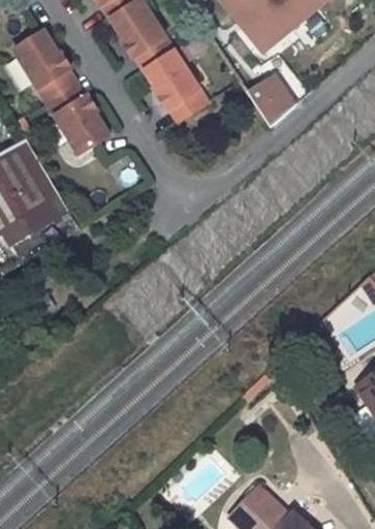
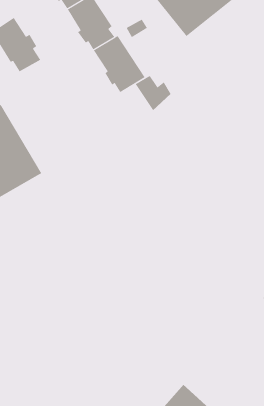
building: [247,80,293,125] -> [135,75,172,111]
building: [50,83,108,152] -> none

